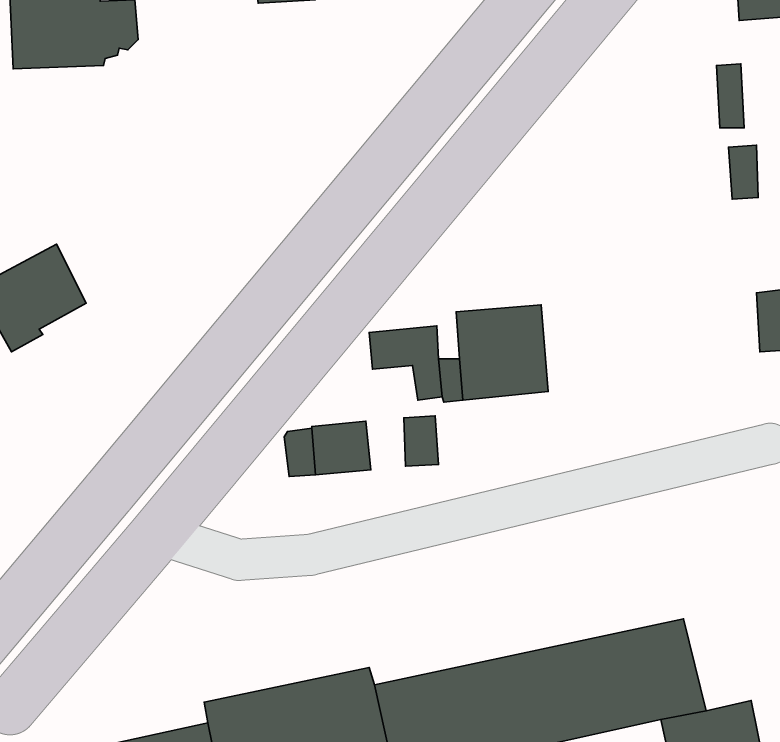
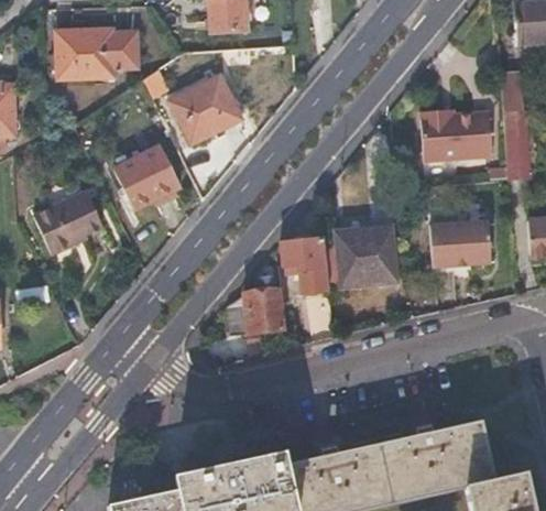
building: none -> [170,74,240,143]
building: none -> [421,108,492,161]
building: none -> [113,145,181,209]
building: none -> [429,220,491,268]

